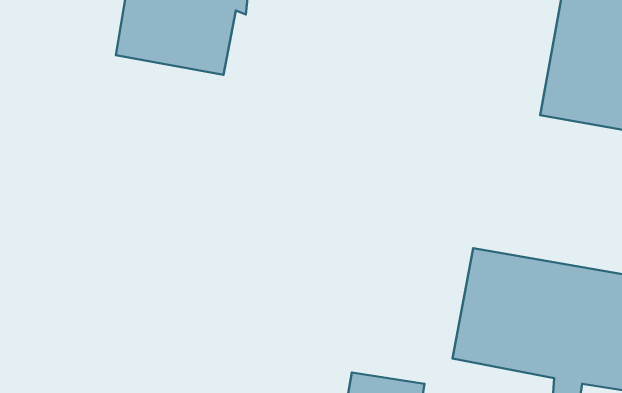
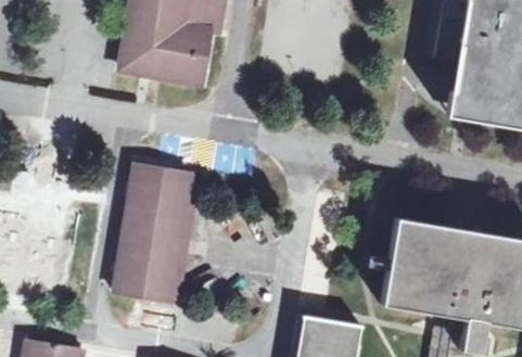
building: none -> [114,163,189,301]

